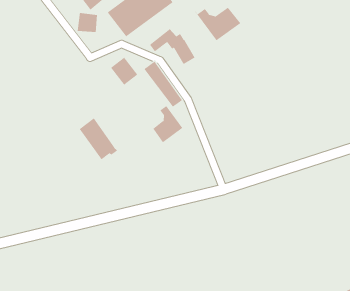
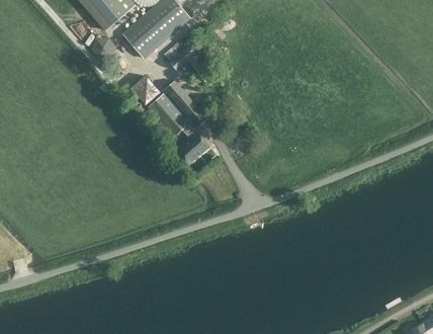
building: [194,7,241,41] -> none
building: [79,117,118,160] -> [148,92,189,136]

